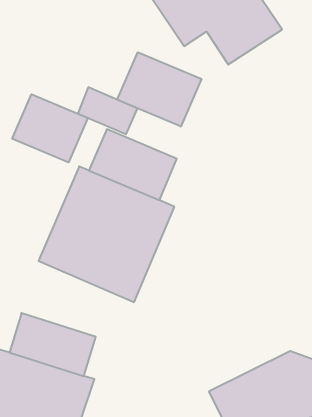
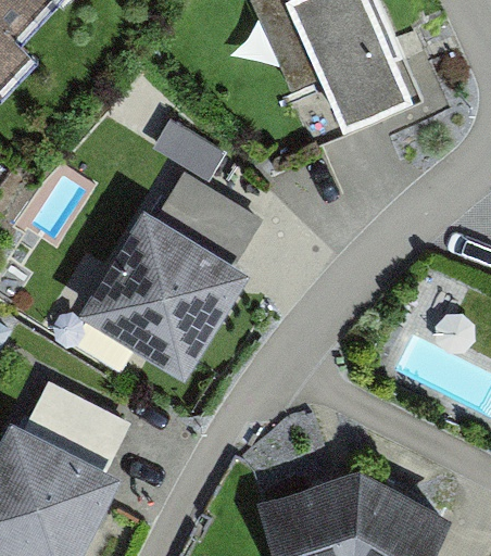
building: [117,52,201,127] -> none
building: [12,94,88,162] -> none

